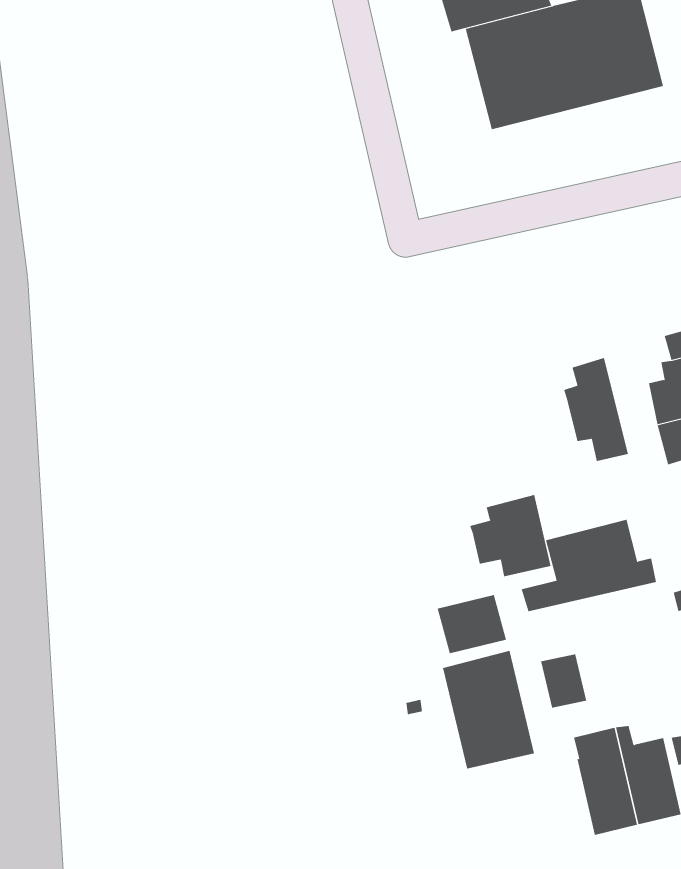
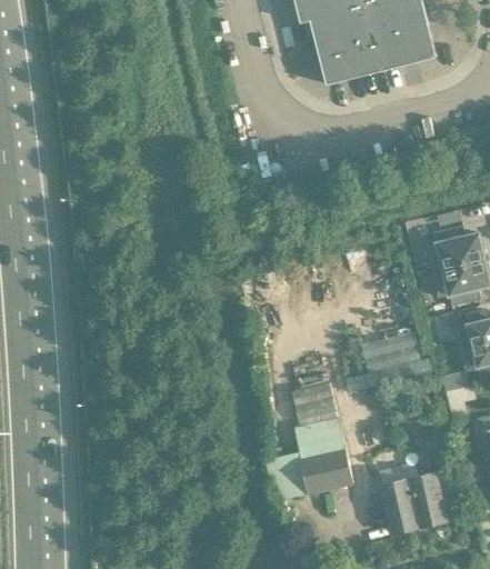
building: [563,357,629,462] -> none
building: [470,494,551,577] -> none
building: [541,653,587,708] -> none

